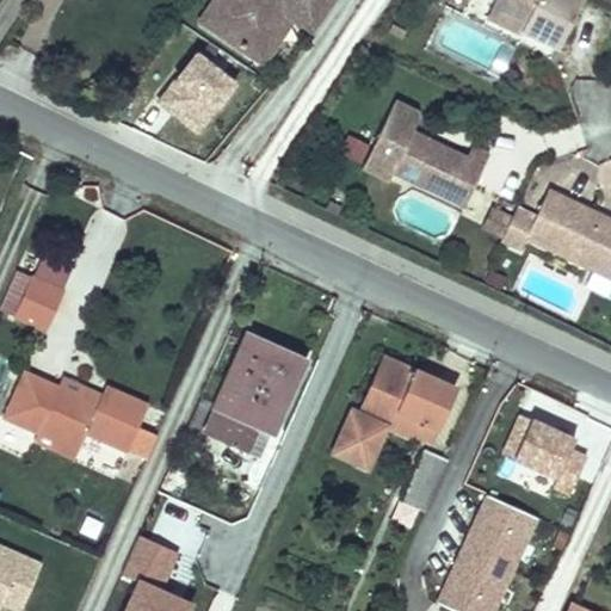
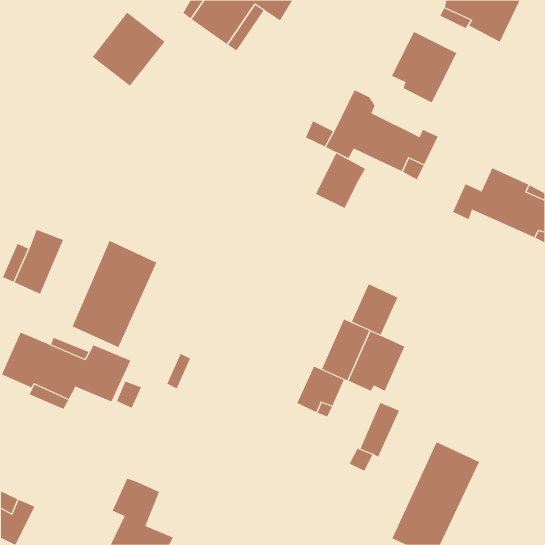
building: none -> [391,31,457,103]
building: [156,48,239,131] -> [92,12,165,87]
building: none -> [315,153,366,209]
building: none -> [351,284,398,335]
building: [205,335,301,456] -> [72,240,157,348]
building: [505,412,588,494] -> none

